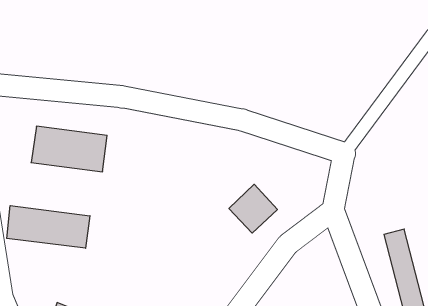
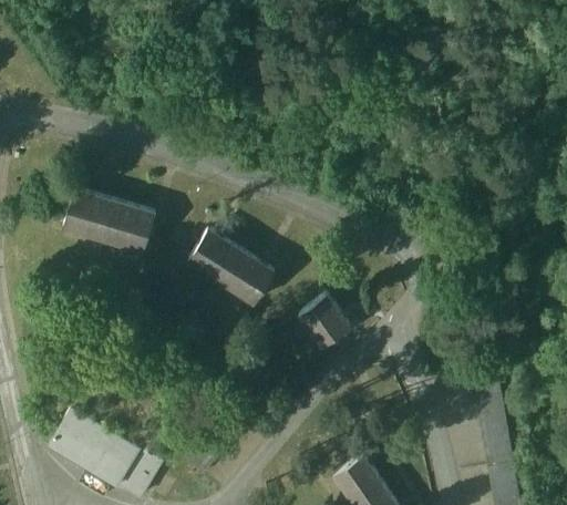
building: none -> [184,227,277,307]
building: [7,206,90,248] -> none

